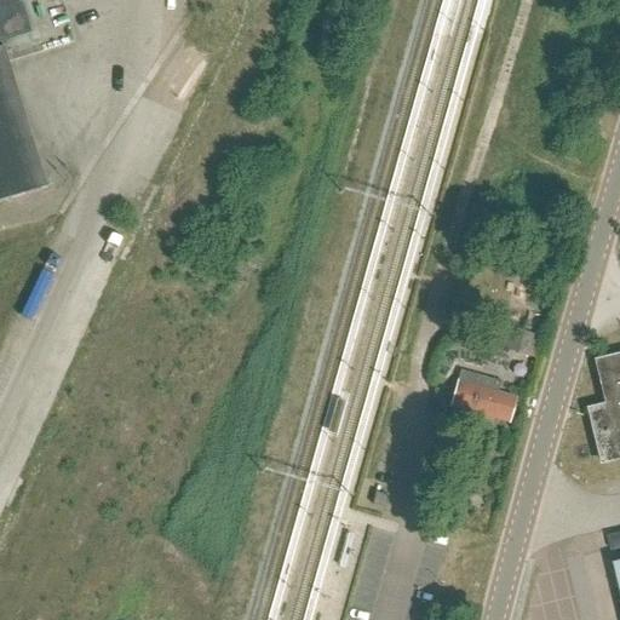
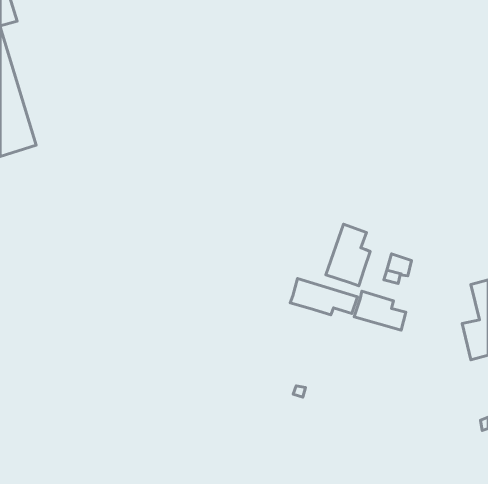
building: none -> [326,224,370,286]
building: none -> [290,278,358,315]

